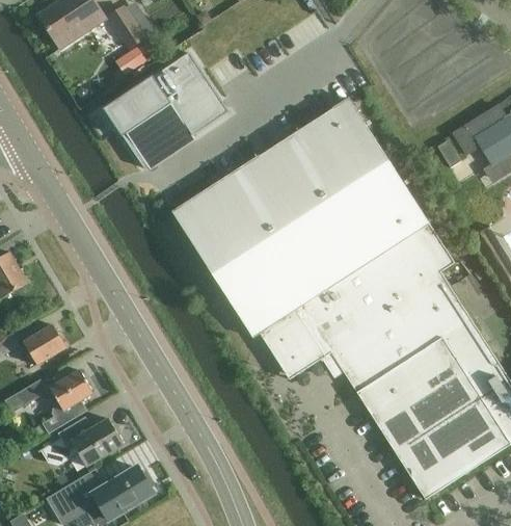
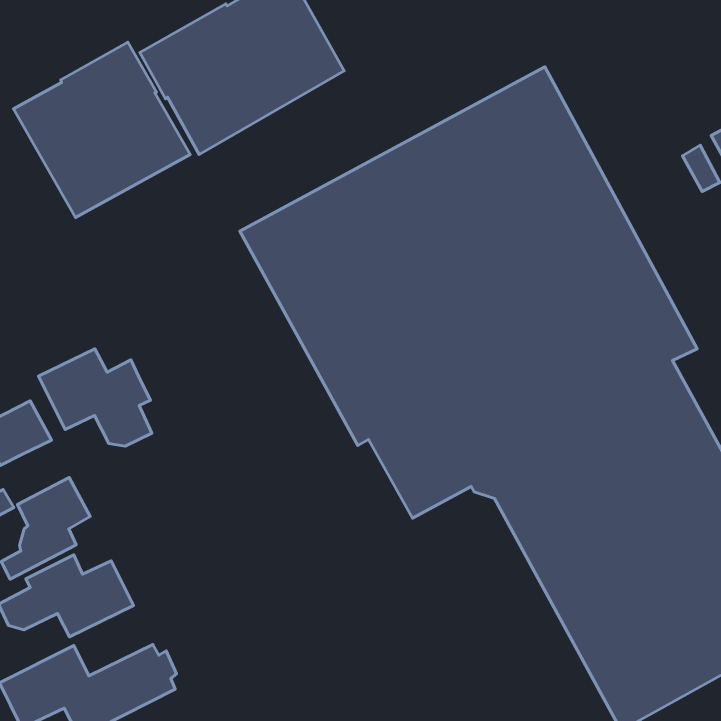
building: none -> [14,42,190,218]
building: none -> [39,349,152,446]

